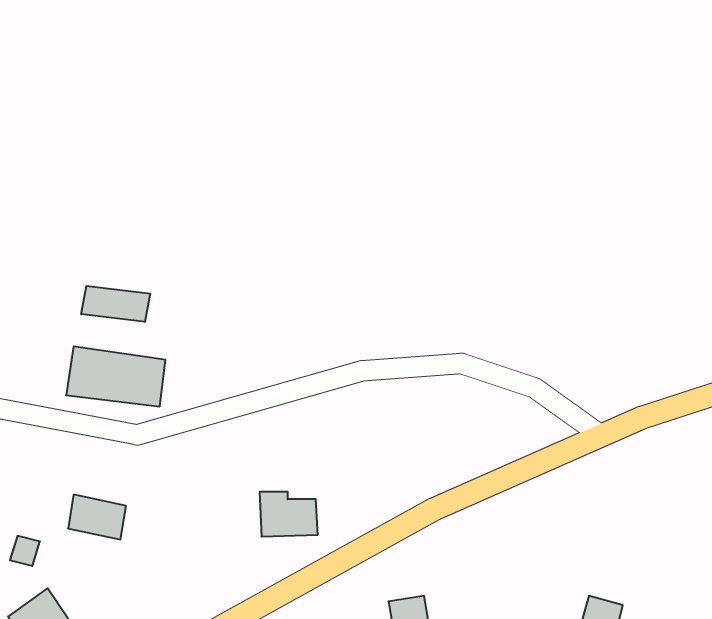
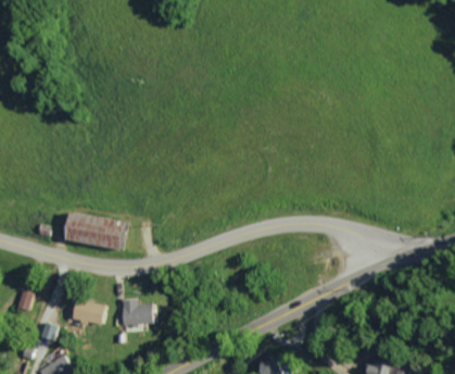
building: [81,286,150,322] -> none
building: [260,492,318,537] -> [122,299,155,325]

